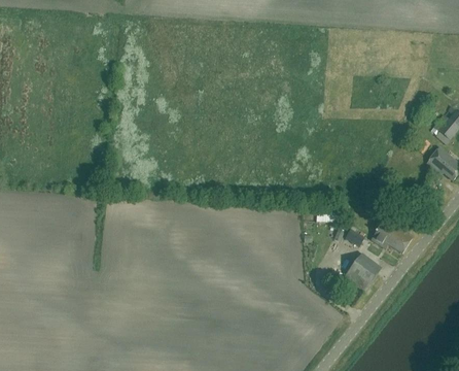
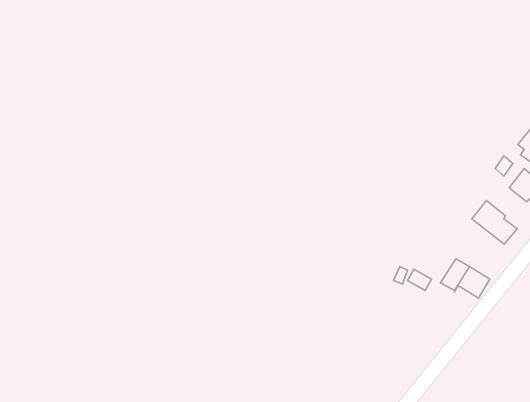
building: none -> [472,200,517,244]
building: [344,256,378,290] -> none

